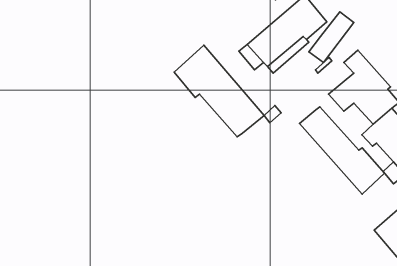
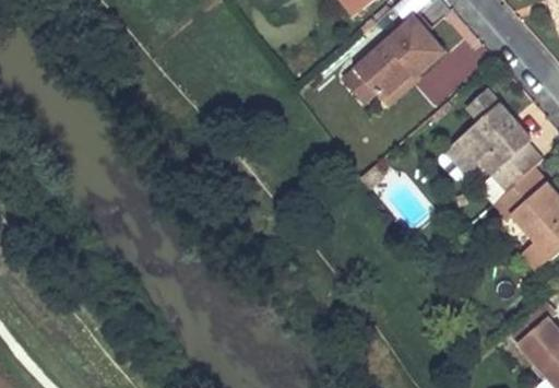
building: [174,45,264,137] -> none
building: [299,107,384,194] -> none

